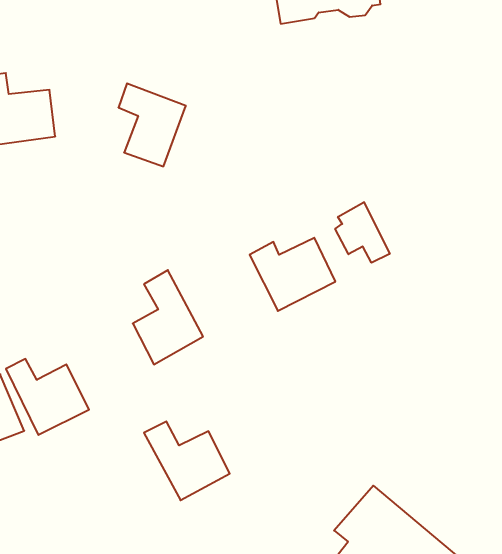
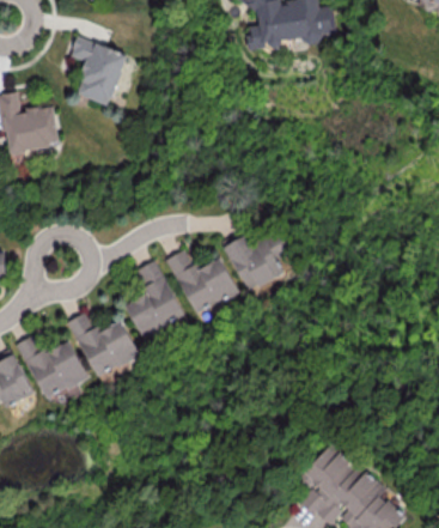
building: [118,83,186,166] -> [69,36,127,107]
building: [335,202,390,263] -> none
building: none -> [166,250,237,314]
building: [144,421,230,500] -> [66,312,139,380]

